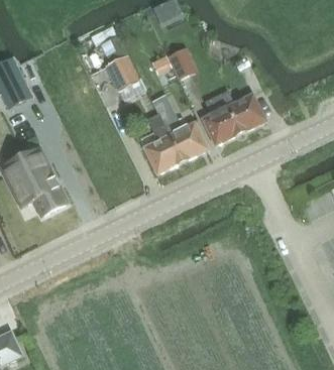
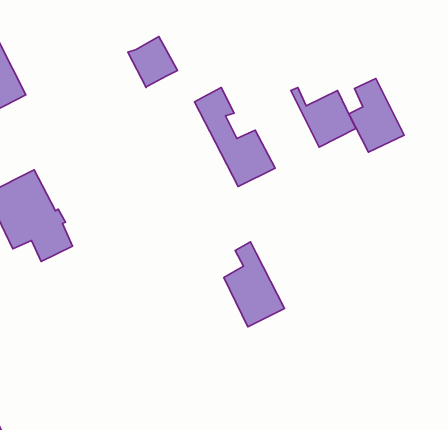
building: [166,47,196,78] -> none
building: [200,93,239,145] -> [349,79,404,152]
building: [138,114,182,174] -> [224,242,285,327]

